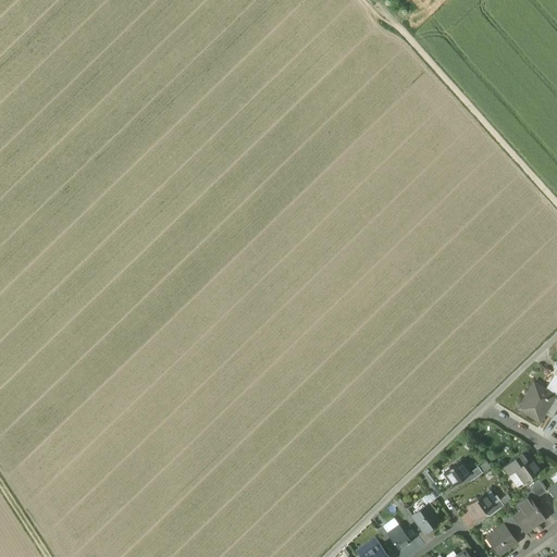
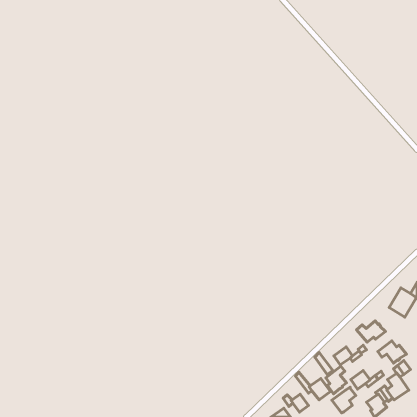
building: none -> [357,321,385,342]
building: none -> [326,366,347,394]
building: none -> [332,387,356,413]

